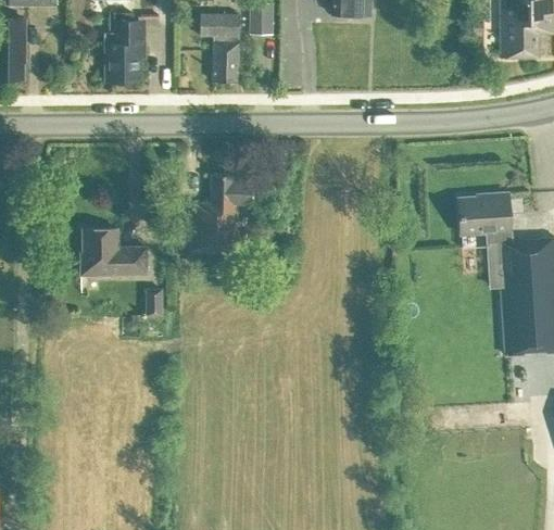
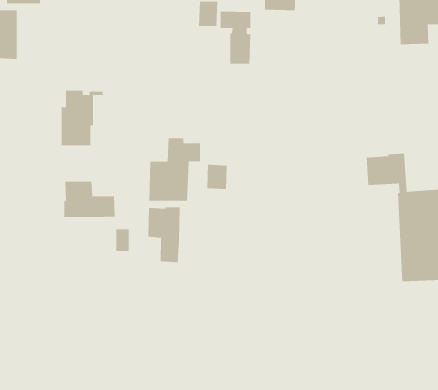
building: [106,13,160,83] -> [61,90,103,146]
building: [201,14,240,80] -> [220,11,251,64]
building: none -> [207,164,227,190]
building: none -> [148,206,180,263]

